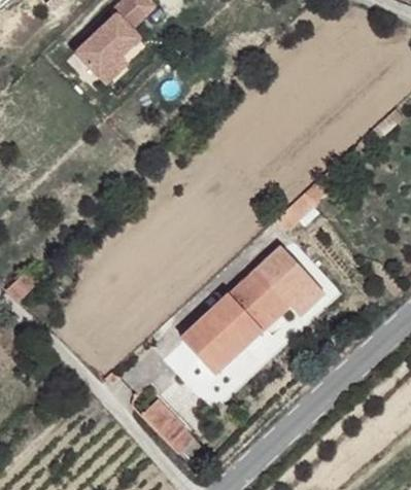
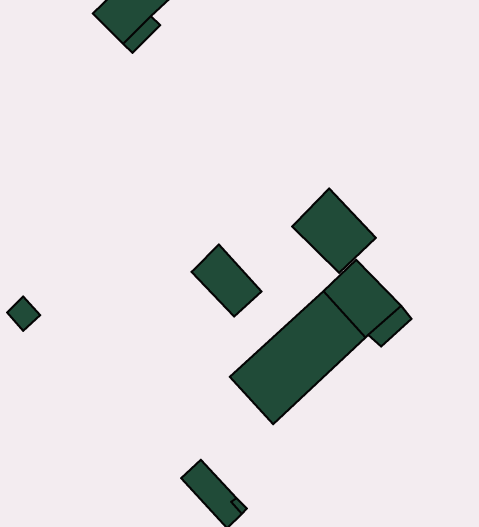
building: none -> [292,188,376,273]
building: none -> [192,245,261,316]

